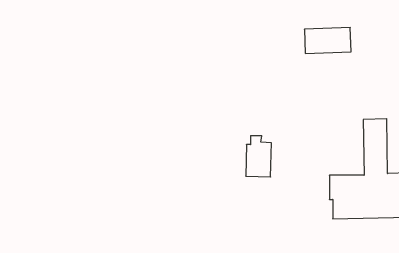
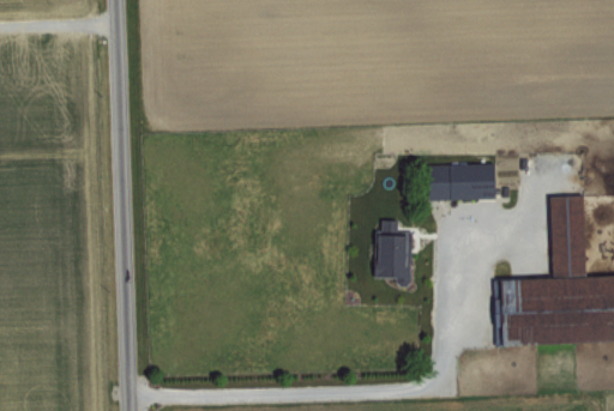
building: [304,28,351,53] -> [428,163,498,201]

